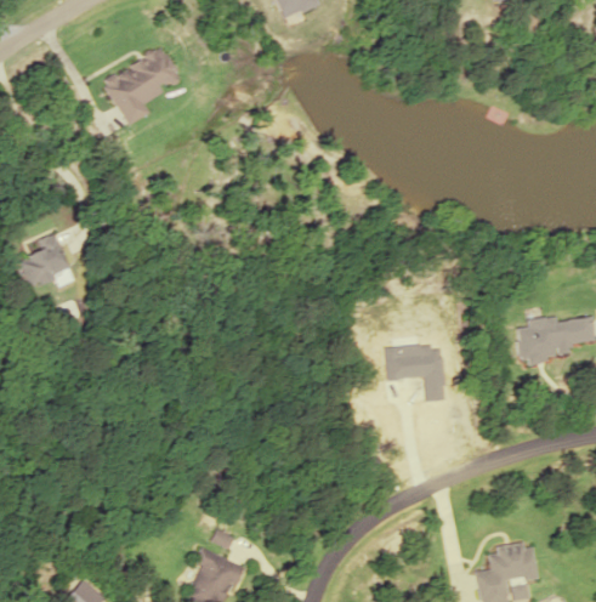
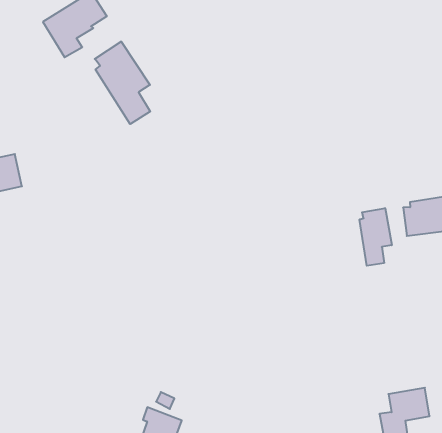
building: none -> [95,41,150,124]
building: none -> [360,208,392,266]

